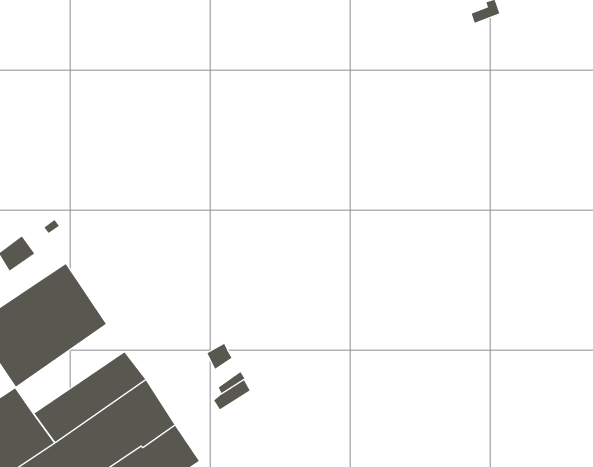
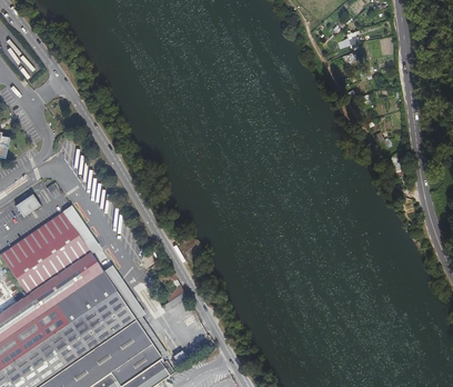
building: none -> [28,254,102,315]

